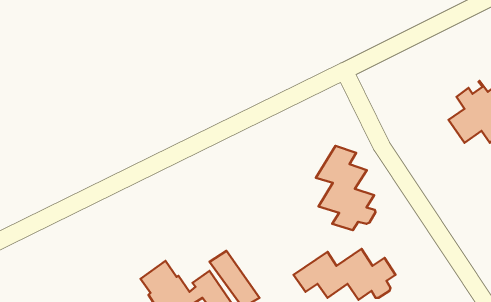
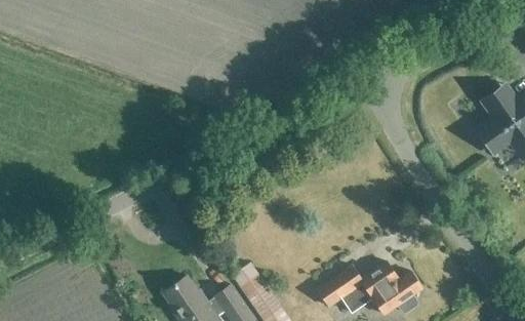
building: [316,146,375,230] -> none

